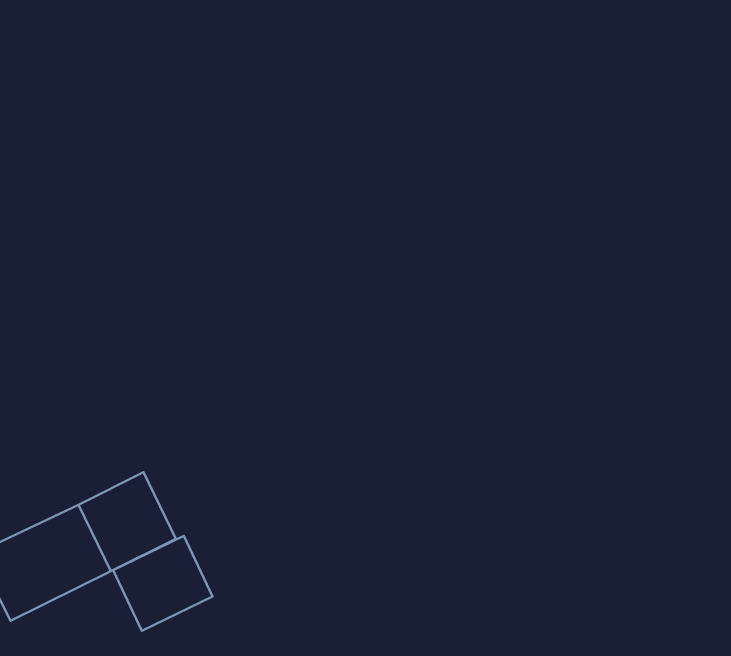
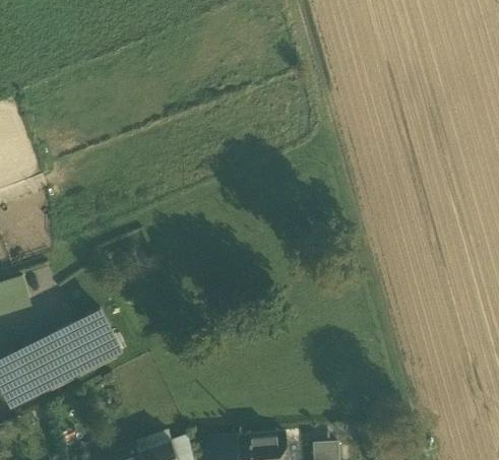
building: [113,536,213,631] -> none

